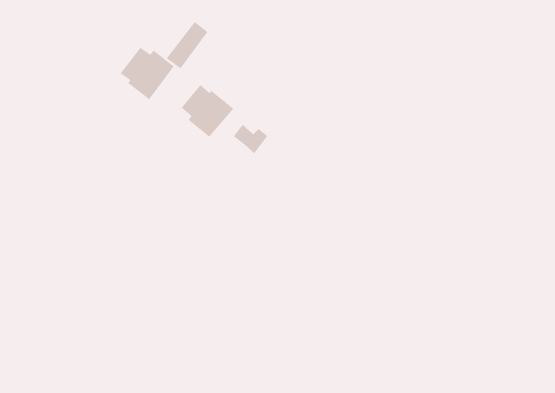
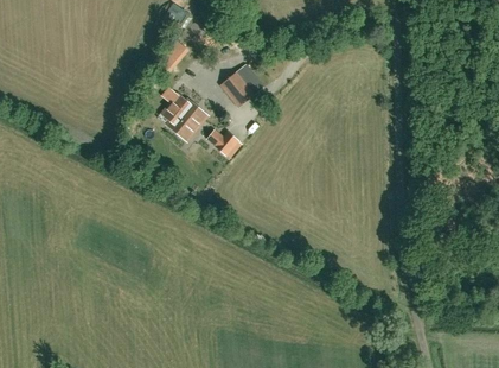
building: [120,47,175,100] -> none
building: none -> [223,64,264,106]

